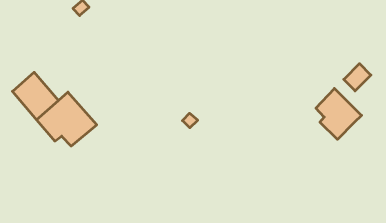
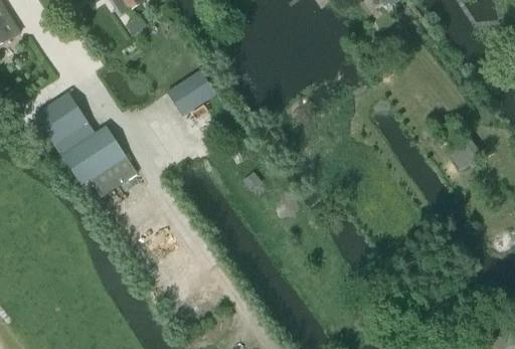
building: none -> [166,69,215,115]
building: [316,88,362,139] -> none

